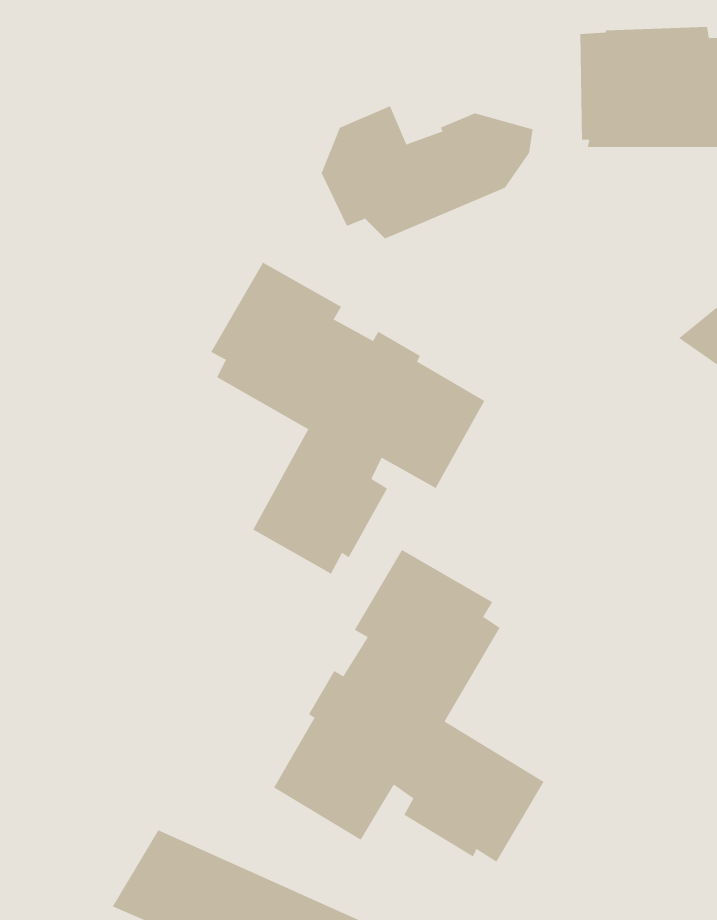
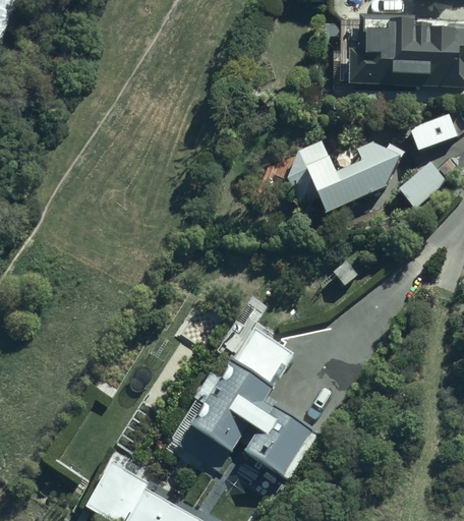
building: [321,105,533,239] -> [288,138,406,213]
building: [211,262,485,575] -> none

